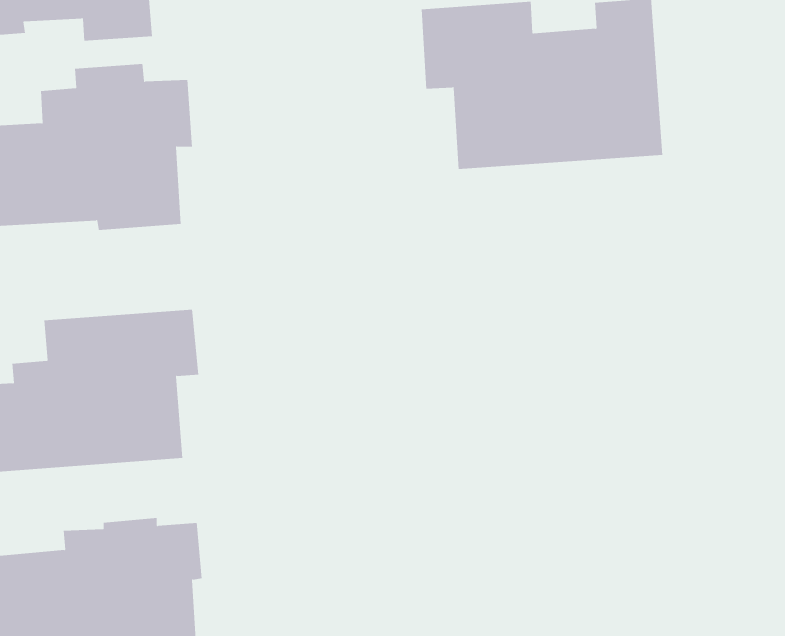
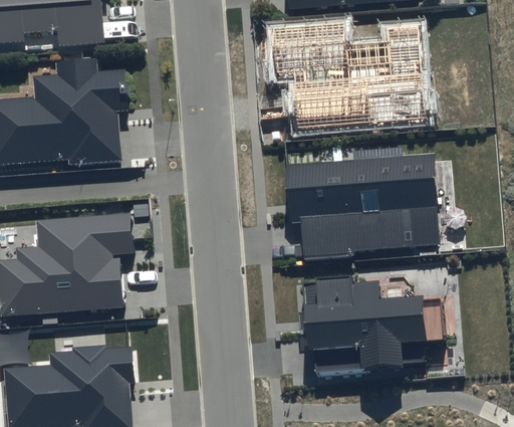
building: none -> [286,148,443,259]
building: none -> [298,281,430,377]

